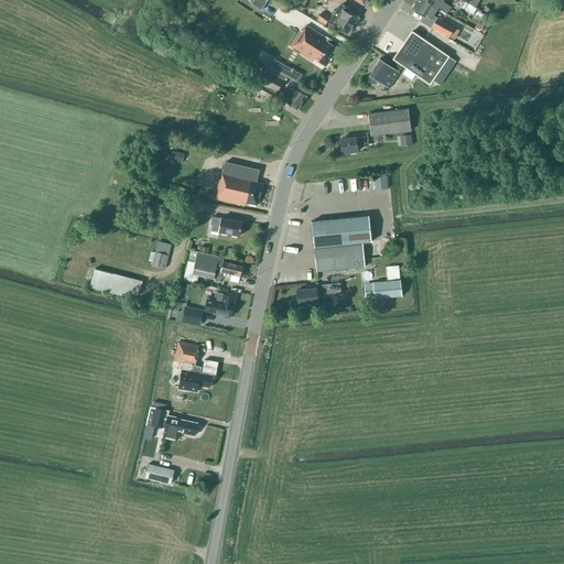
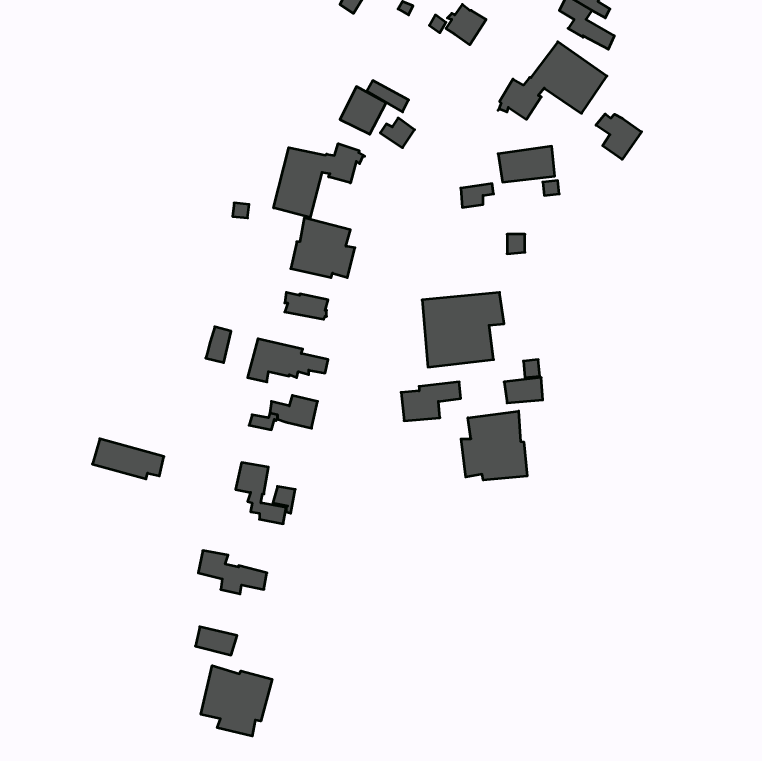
building: [290,24,337,65] -> none
building: none -> [596,114,642,159]
building: none -> [274,144,365,218]
building: [89,268,142,297] -> [92,439,164,479]
building: none -> [461,411,527,480]
building: none -> [201,666,272,736]

